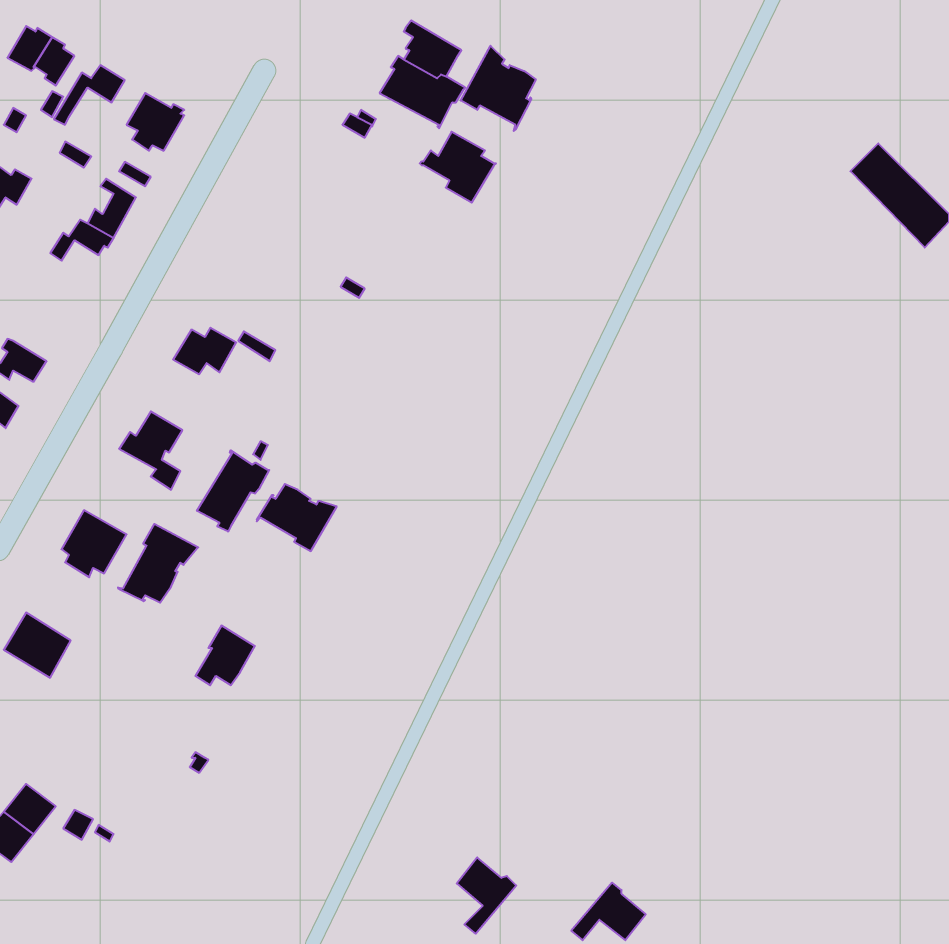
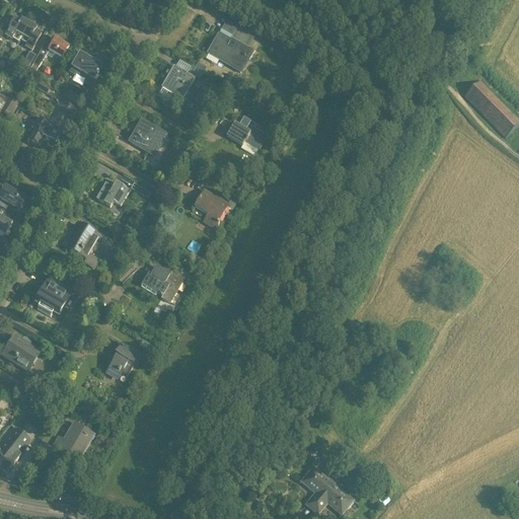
building: [461,46,536,131] -> none
building: none -> [160,63,194,96]
building: [420,132,496,203] -> [225,115,267,153]
building: none -> [127,118,165,153]
building: none -> [194,189,235,225]
building: [197,450,269,532] -> none
building: [118,524,198,603] -> none
building: none -> [54,422,92,456]
building: [457,857,516,934] -> [301,465,333,507]

